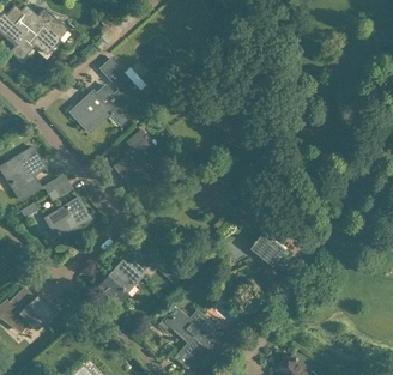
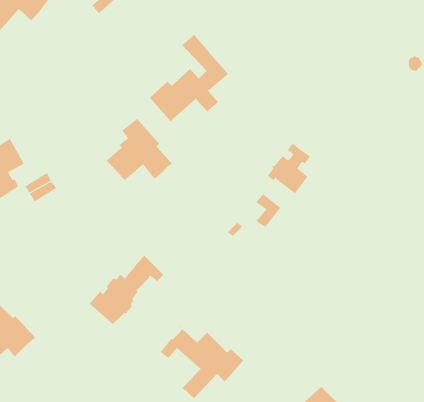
building: [71,59,138,133] -> [149,34,229,122]
building: [46,199,90,241] -> none
building: [252,222,289,265] -> [267,143,311,194]

